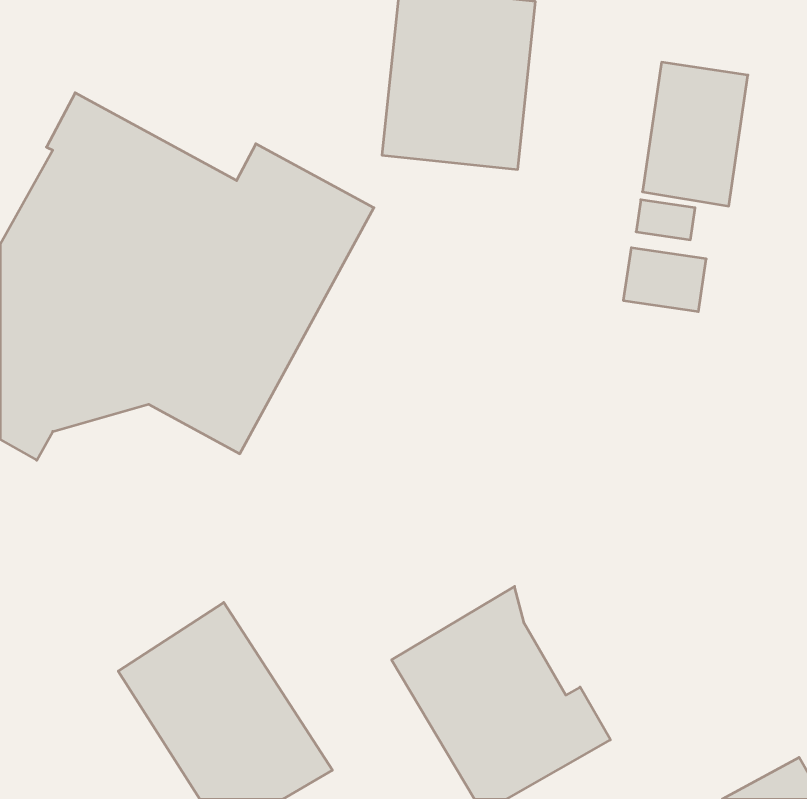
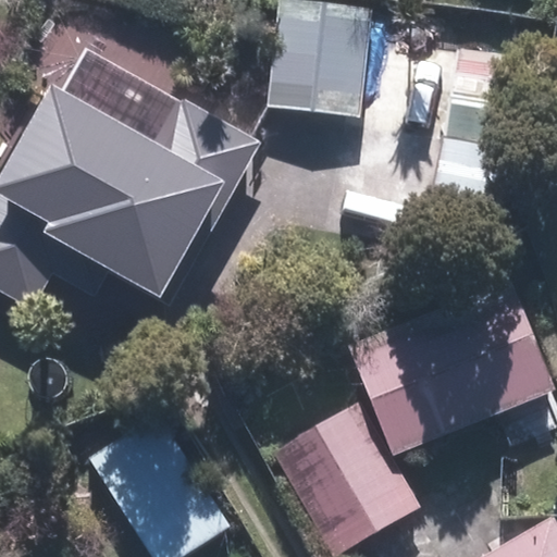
building: none -> [344,282,550,458]

